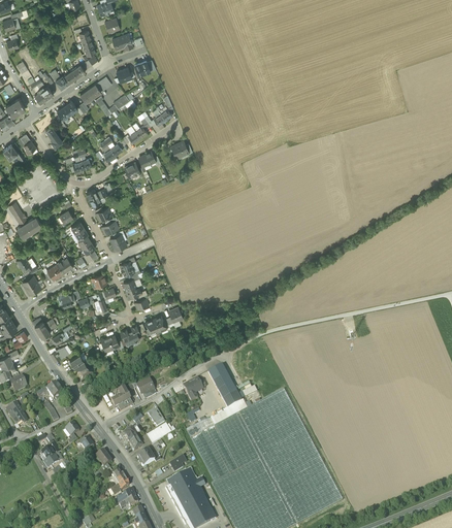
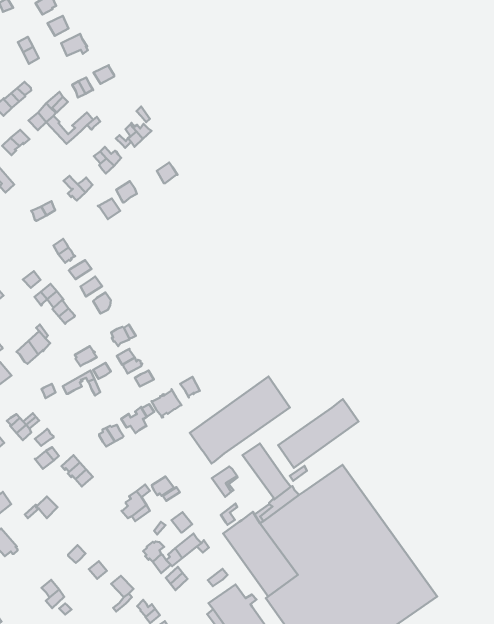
building: none -> [190,377,290,464]
building: none -> [278,399,359,468]

